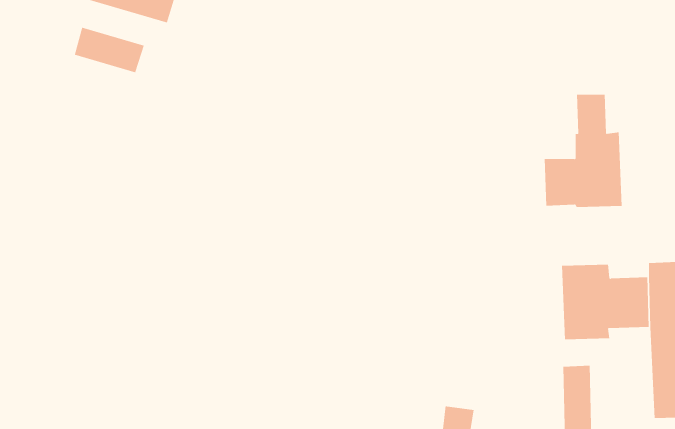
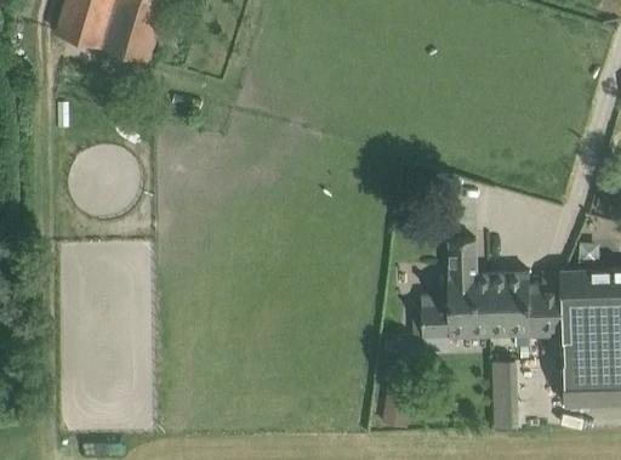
building: [74,27,145,73] -> none
building: [544,94,622,208] -> [422,243,490,341]

